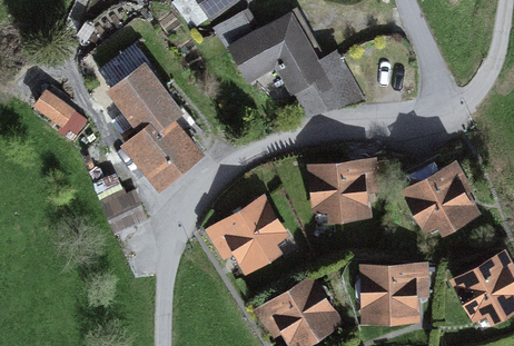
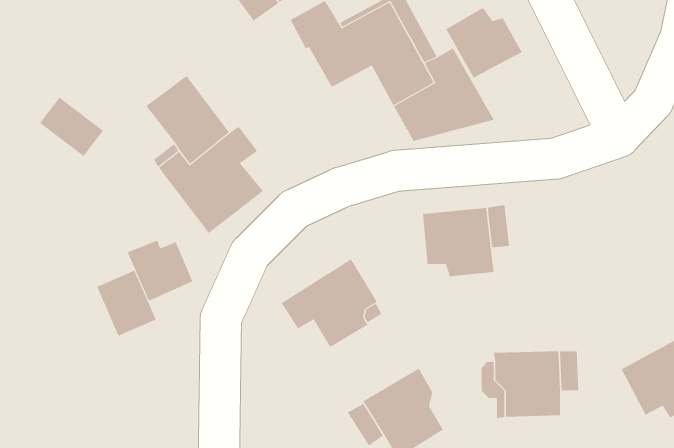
building: none -> [445,7,523,79]
building: [99,47,150,93] -> none
building: [398,155,473,229] -> none
building: none -> [96,270,156,337]

